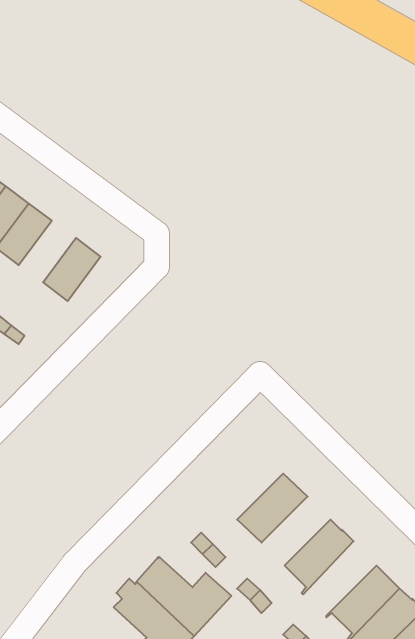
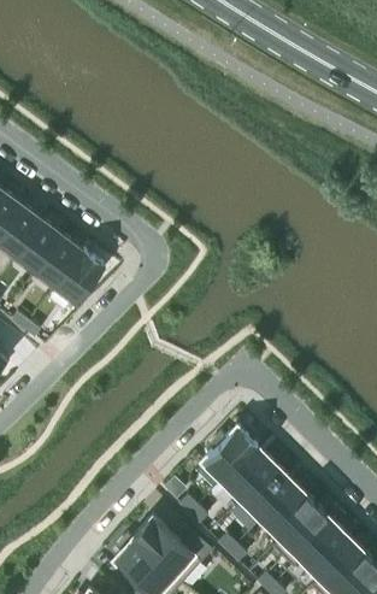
building: none -> [35,235,83,287]
building: none -> [202,427,258,486]
building: none -> [238,466,296,524]
building: none -> [273,504,335,566]

